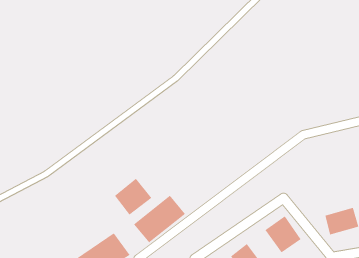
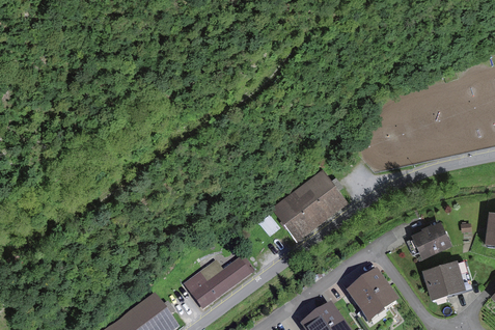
building: none -> [274,172,341,235]
building: none -> [413,223,450,257]
building: [114,178,152,216] -> none

